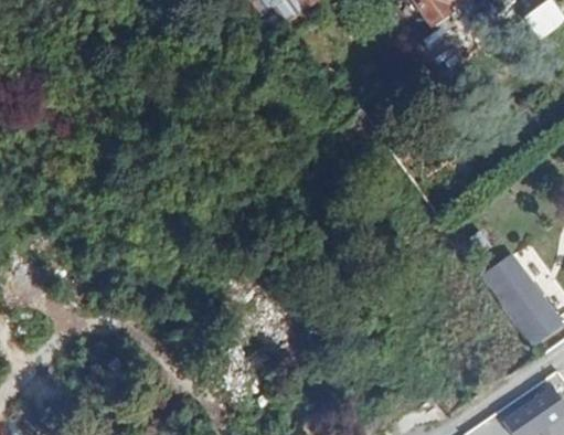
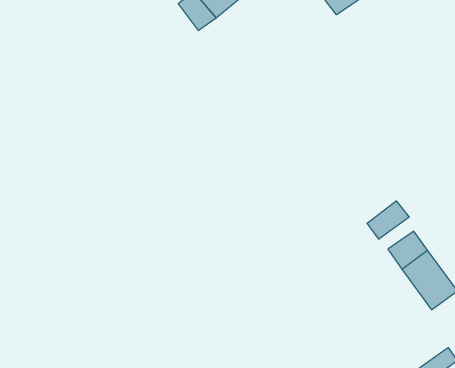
building: none -> [367,201,409,239]

